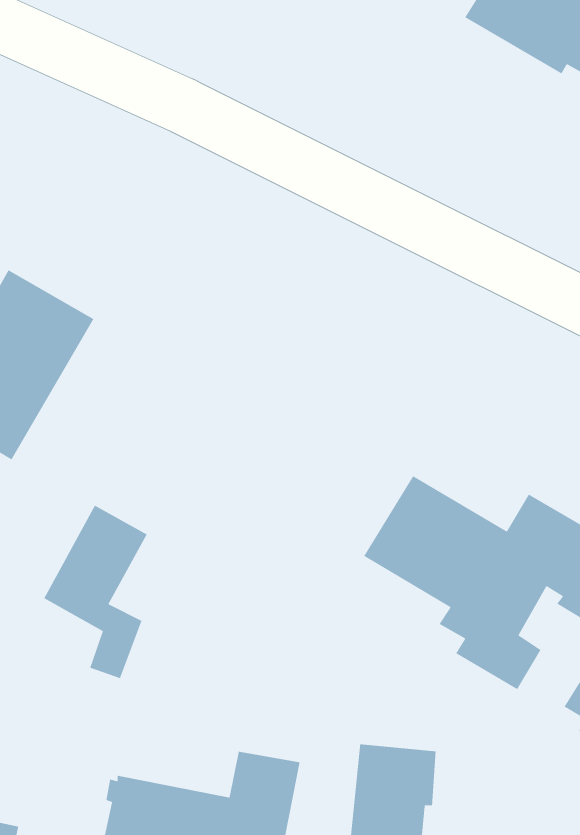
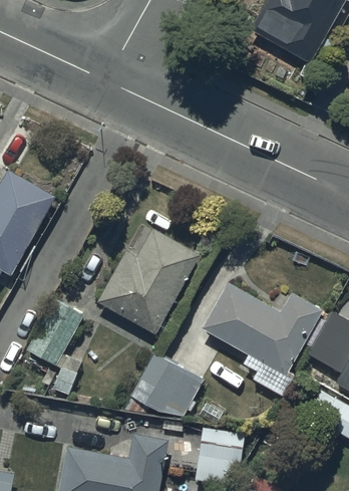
building: none -> [98,229,200,334]
building: none -> [131,352,205,415]

